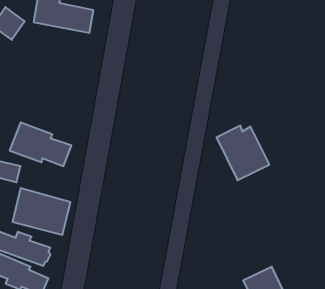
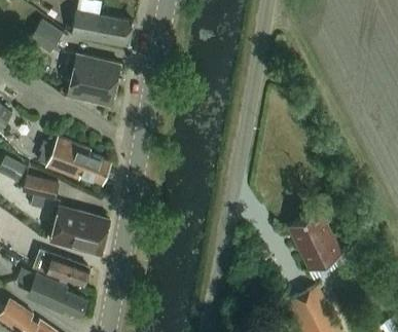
building: none -> [67,54,120,107]
building: [216,126,269,180] -> [287,215,341,271]

